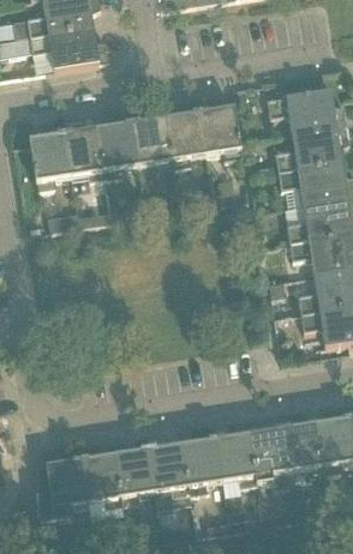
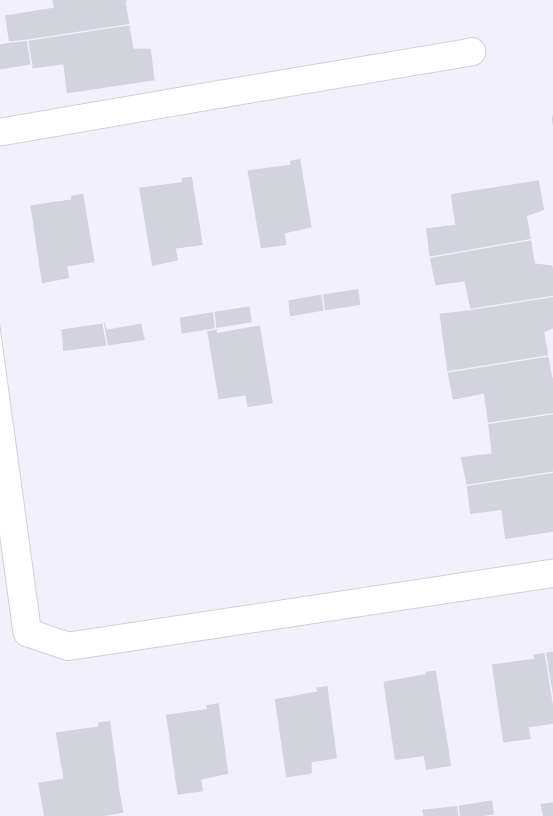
building: [264,72,343,130] -> none
building: [196,104,238,155] -> none
building: [128,114,170,165] -> [206,325,274,408]
building: [61,125,103,176] -> none
building: [280,420,321,472] -> none
building: [213,430,253,482] -> none
building: [145,441,187,505] -> none
building: [78,451,119,504] -> none

